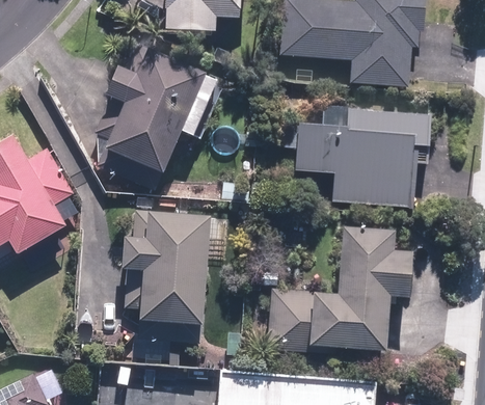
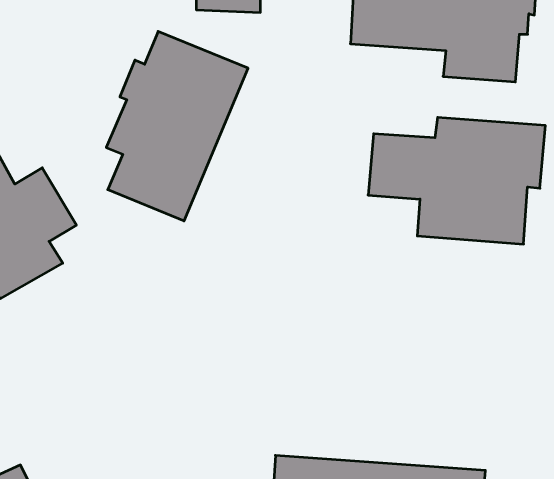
building: [123,212,208,341] -> none
building: [267,227,409,354] -> none

